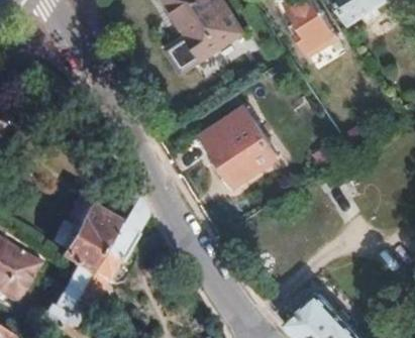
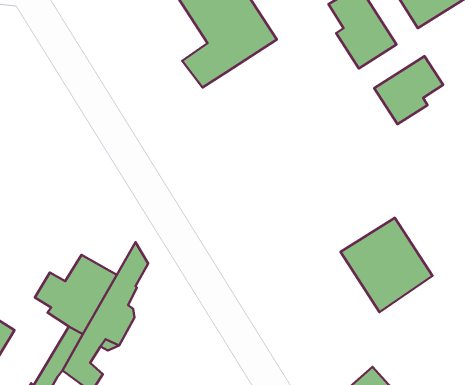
building: none -> [374,56,443,124]
building: [202,111,276,187] -> [341,218,433,312]

